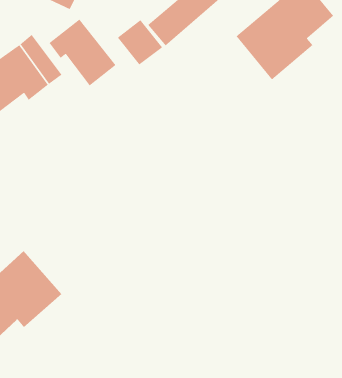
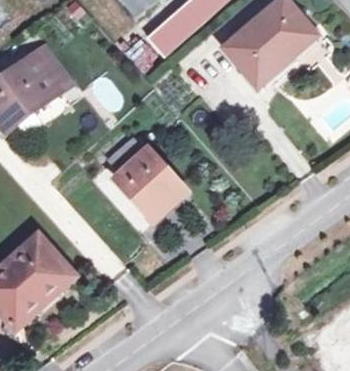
building: [49,19,117,87] -> none
building: none -> [109,139,185,220]

